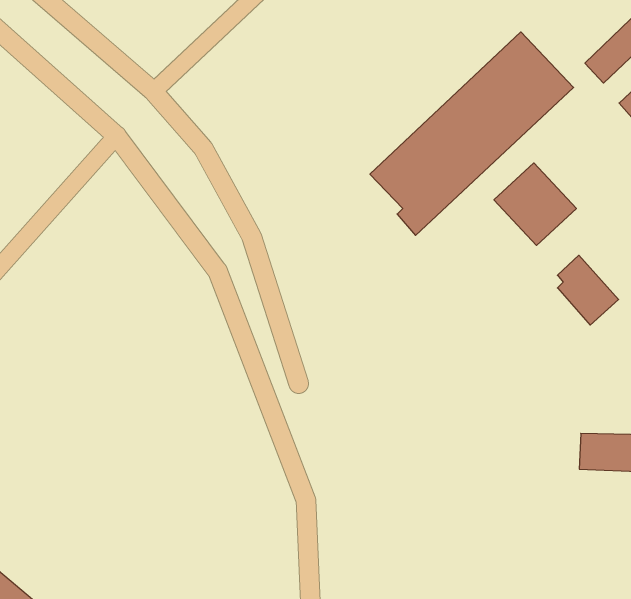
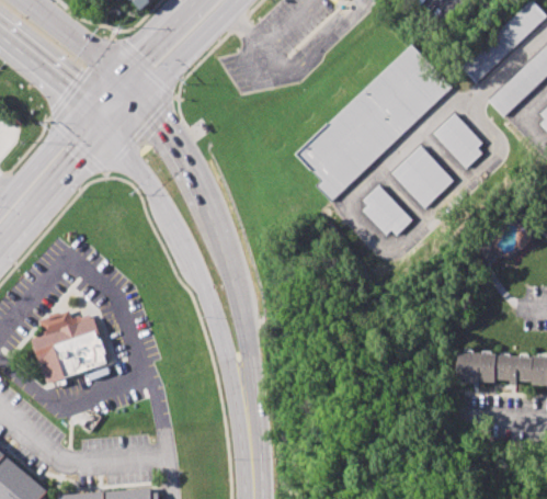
building: none -> [433,112,483,168]
building: [557,255,619,325] -> [363,184,410,238]
building: none -> [30,316,105,384]

